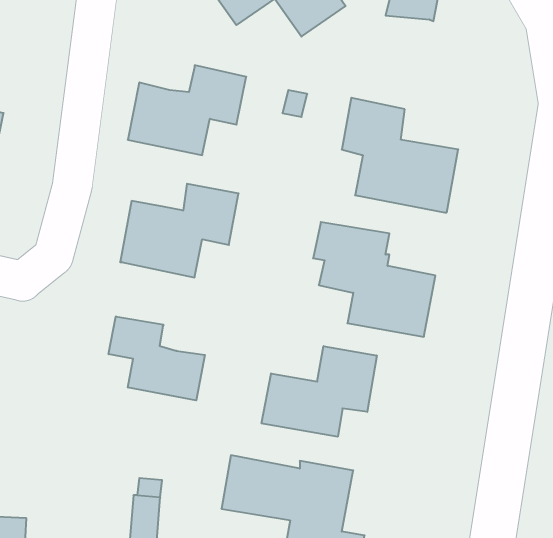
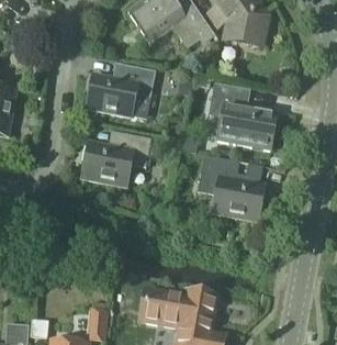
building: [109,316,205,400] -> none
building: [262,346,377,437] -> none

